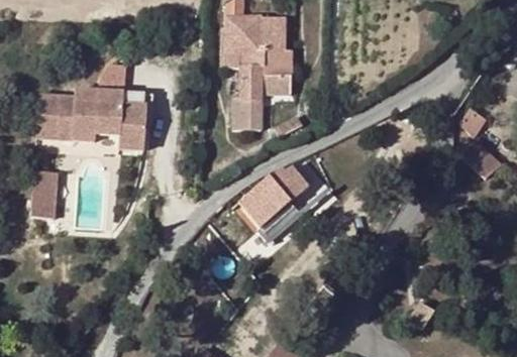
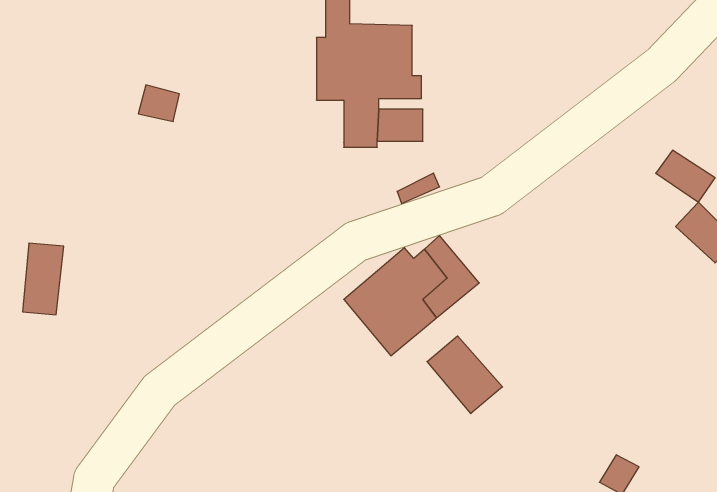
building: [35,85,153,147] -> none
building: [232,98,264,131] -> none
building: none -> [427,336,503,414]

